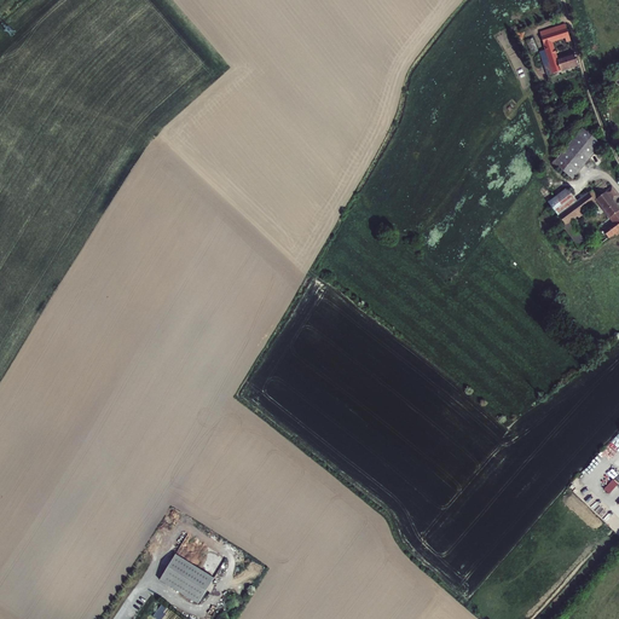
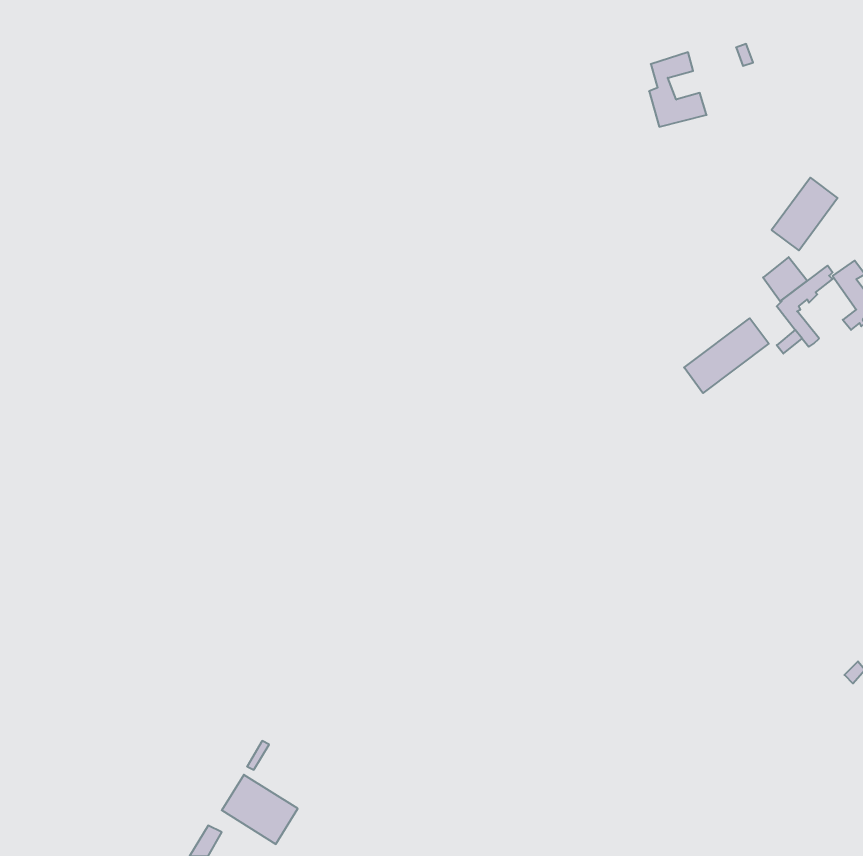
building: [538,21,579,74] -> [649,52,707,127]
building: none -> [684,318,769,393]

